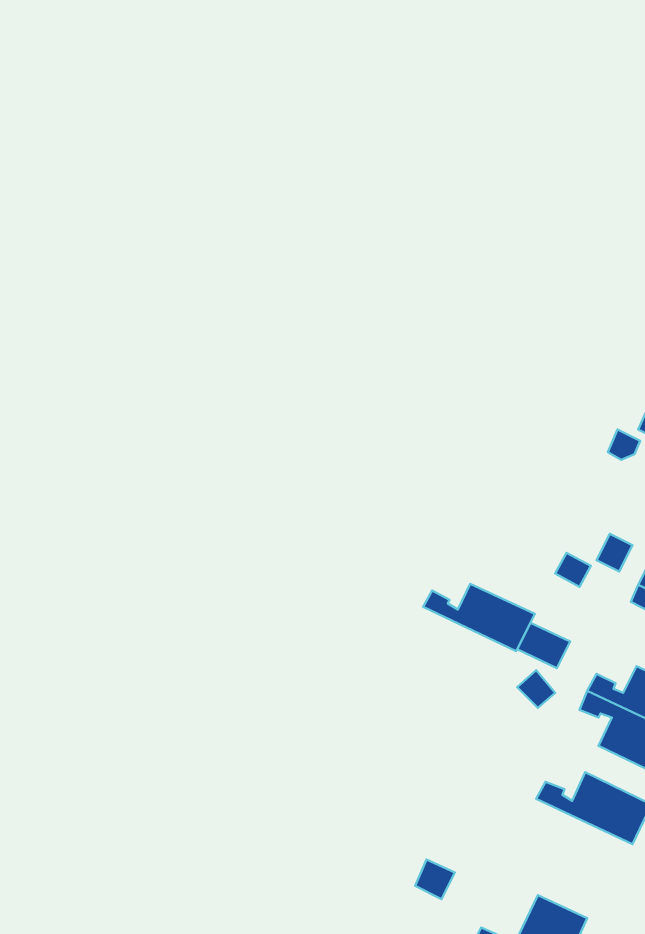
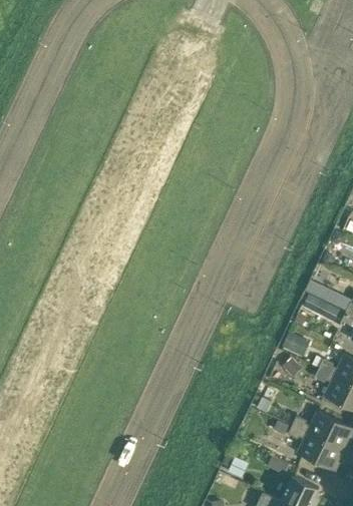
building: [423,584,535,651] -> none
building: none -> [288,425,343,470]

